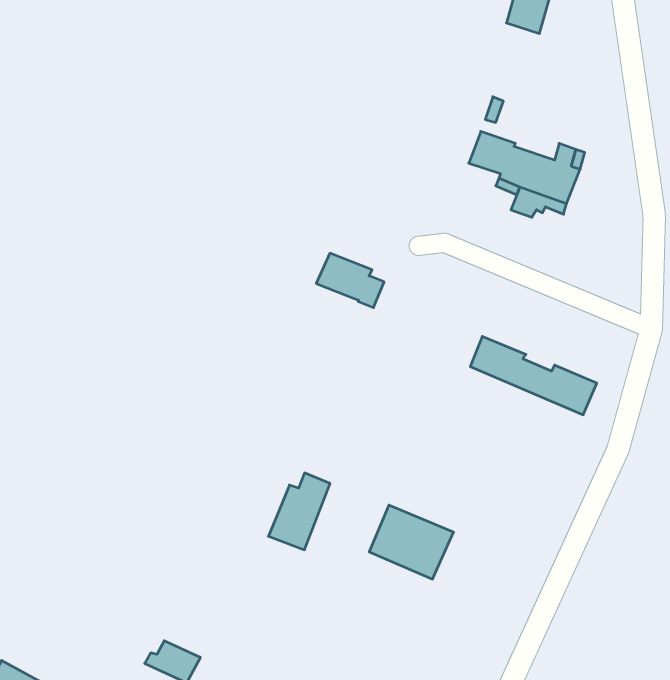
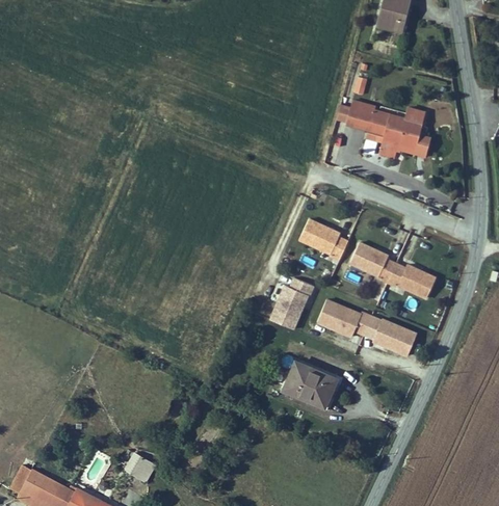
building: [316,253,384,308] -> [300,219,347,257]
building: none -> [317,299,414,354]
building: [268,473,330,550] -> [266,277,309,330]

